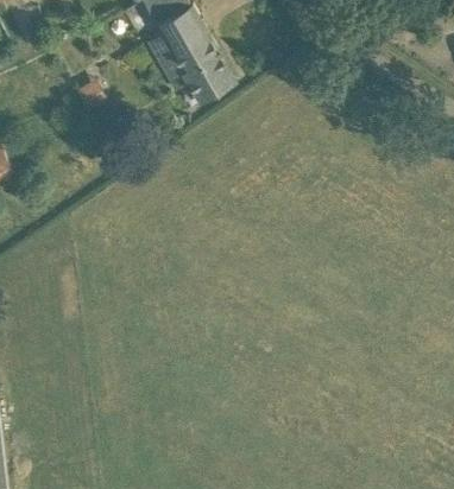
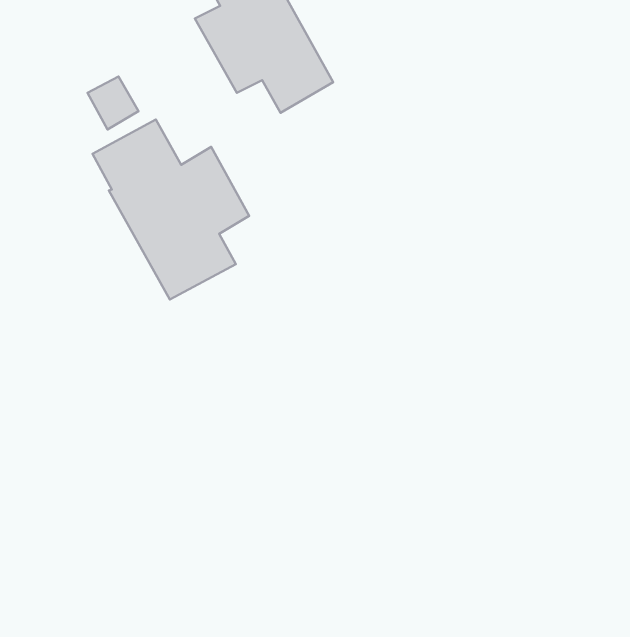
building: none -> [92,119,249,299]

